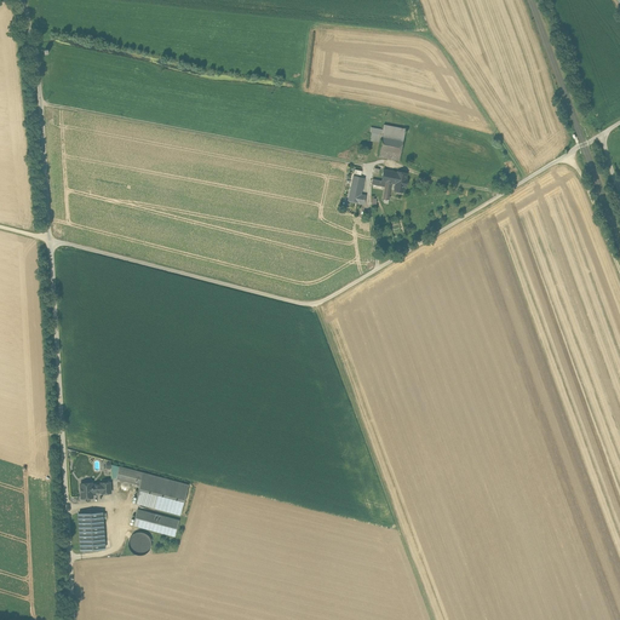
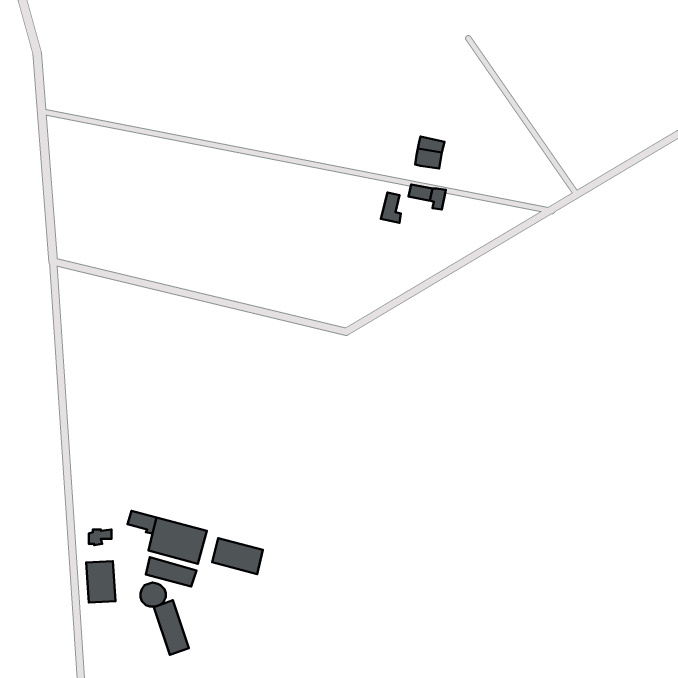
building: none -> [212,538,263,574]
building: none -> [154,600,189,655]

